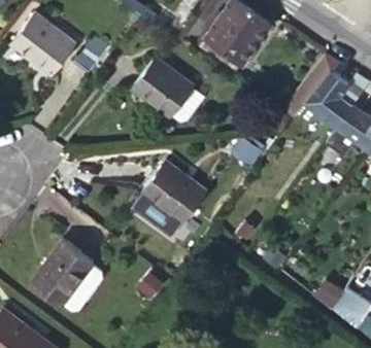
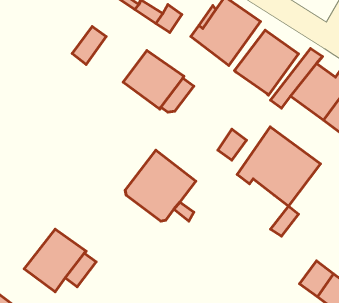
building: [9,12,76,75] -> none
building: none -> [235,30,299,95]
building: none -> [237,127,321,206]

